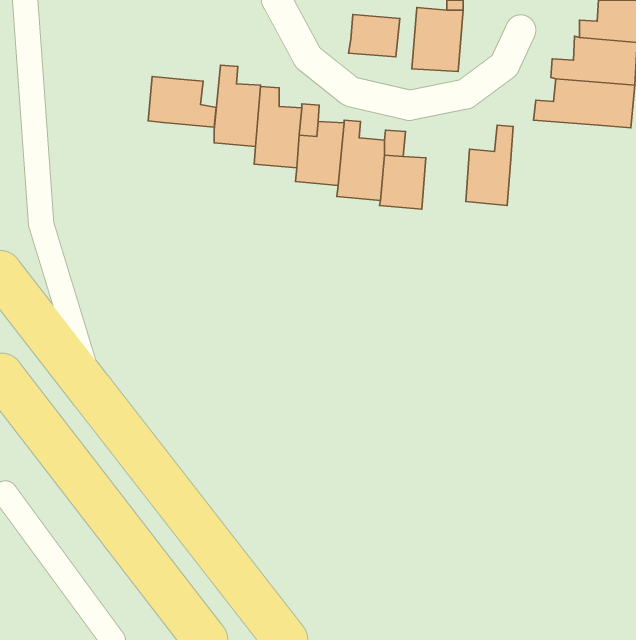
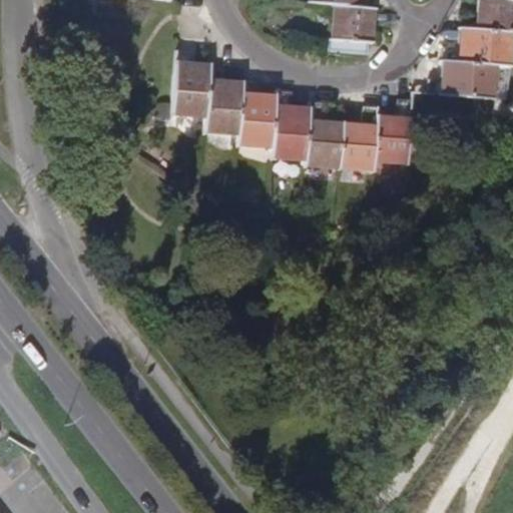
building: [349,15,400,57] -> none
building: [148,76,216,127] -> none
building: none -> [341,106,380,170]

